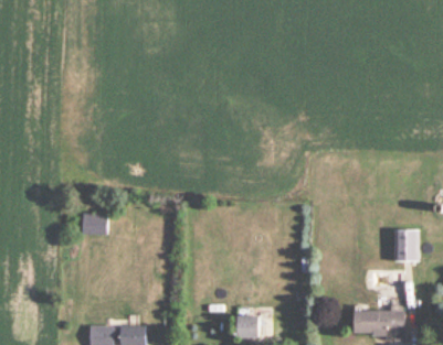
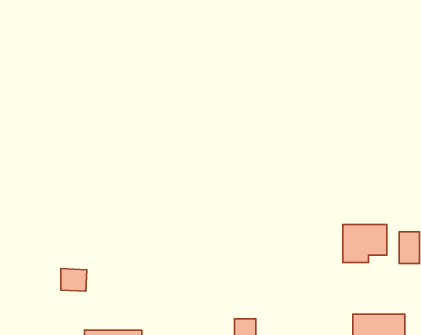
building: [83,213,108,235] -> [61,269,87,291]
building: none -> [343,225,387,262]

